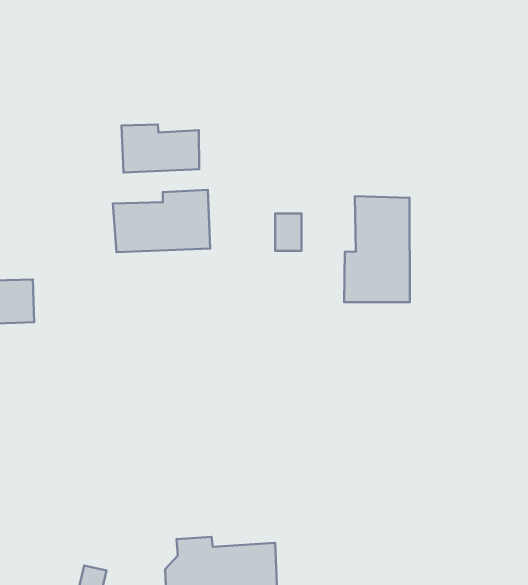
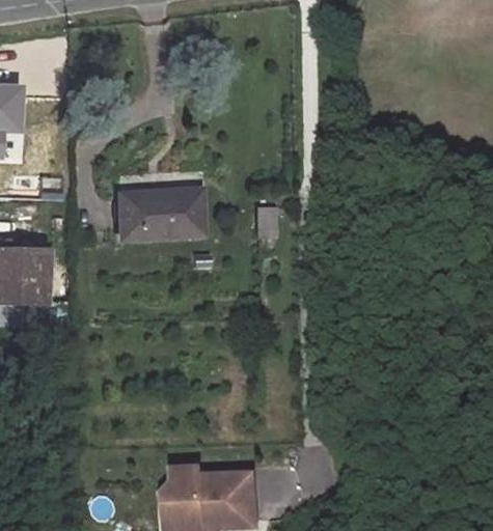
building: [122,125,199,173] -> none
building: [344,196,410,302] -> none

